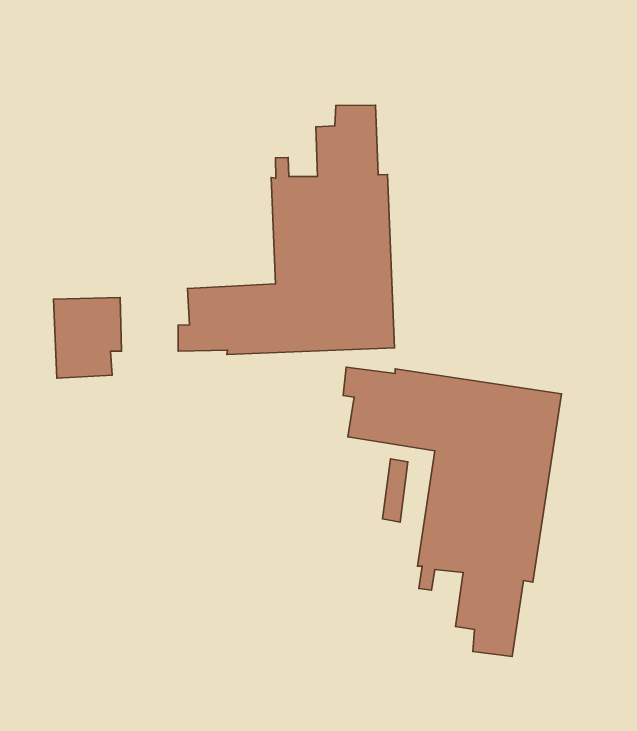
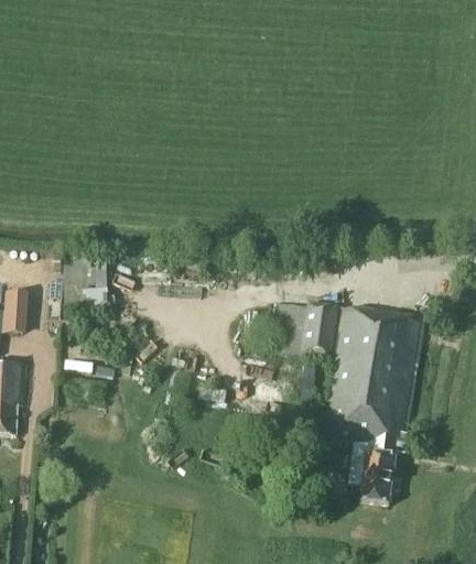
building: [178,105,395,355] -> none

